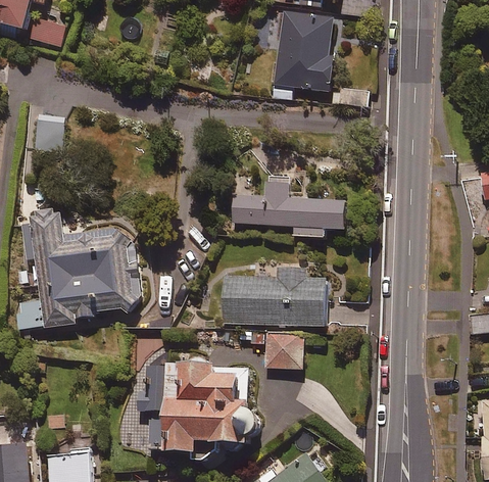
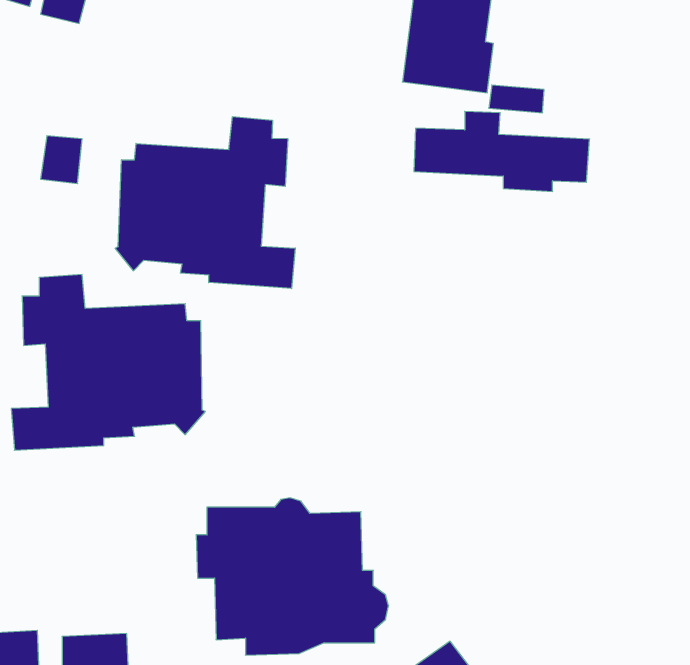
building: none -> [115,117,295,289]
building: [231,183,347,236] -> [414,111,590,191]
building: [221,267,327,325] -> none
building: [264,332,301,367] -> none

